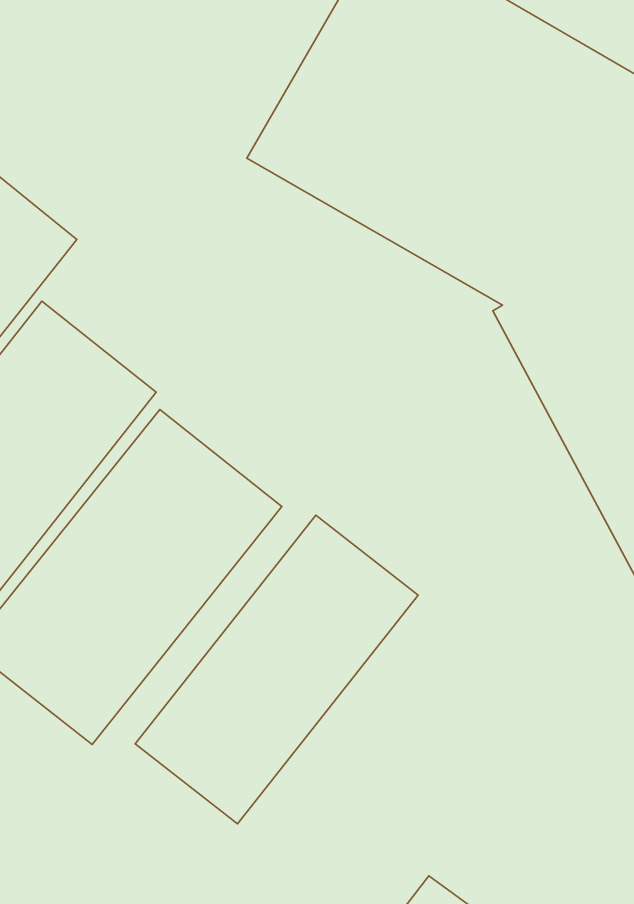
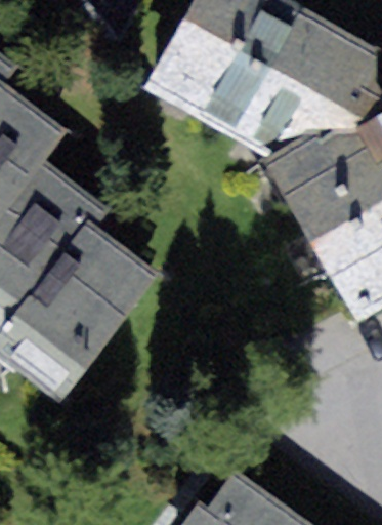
building: [135,515,418,824] -> none

